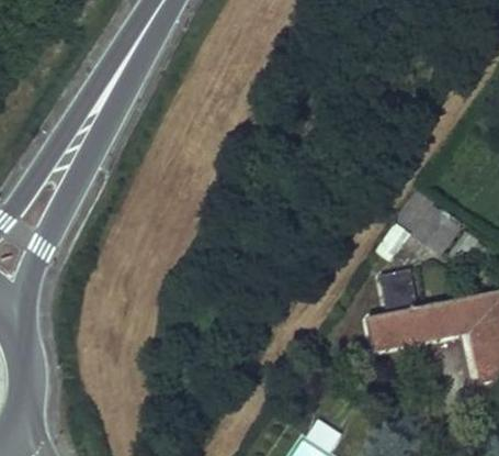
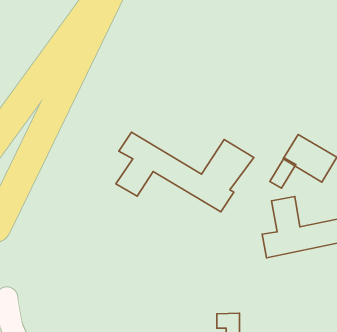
building: none -> [116,132,254,212]

